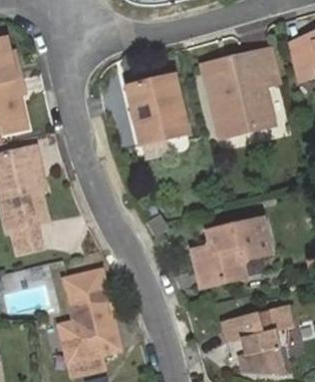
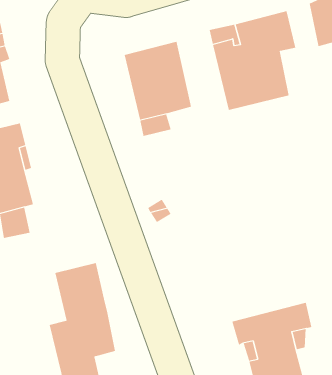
building: [193,218,270,286] -> none

